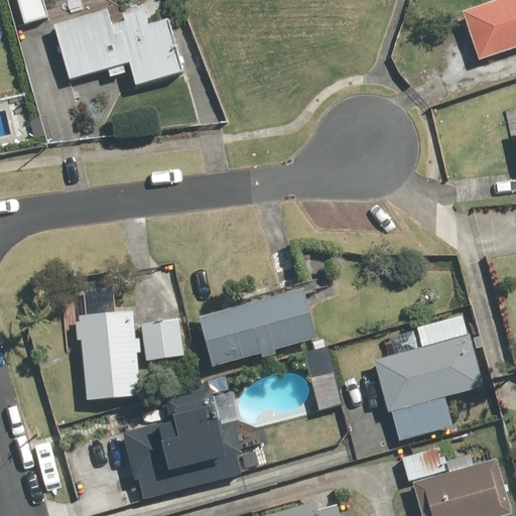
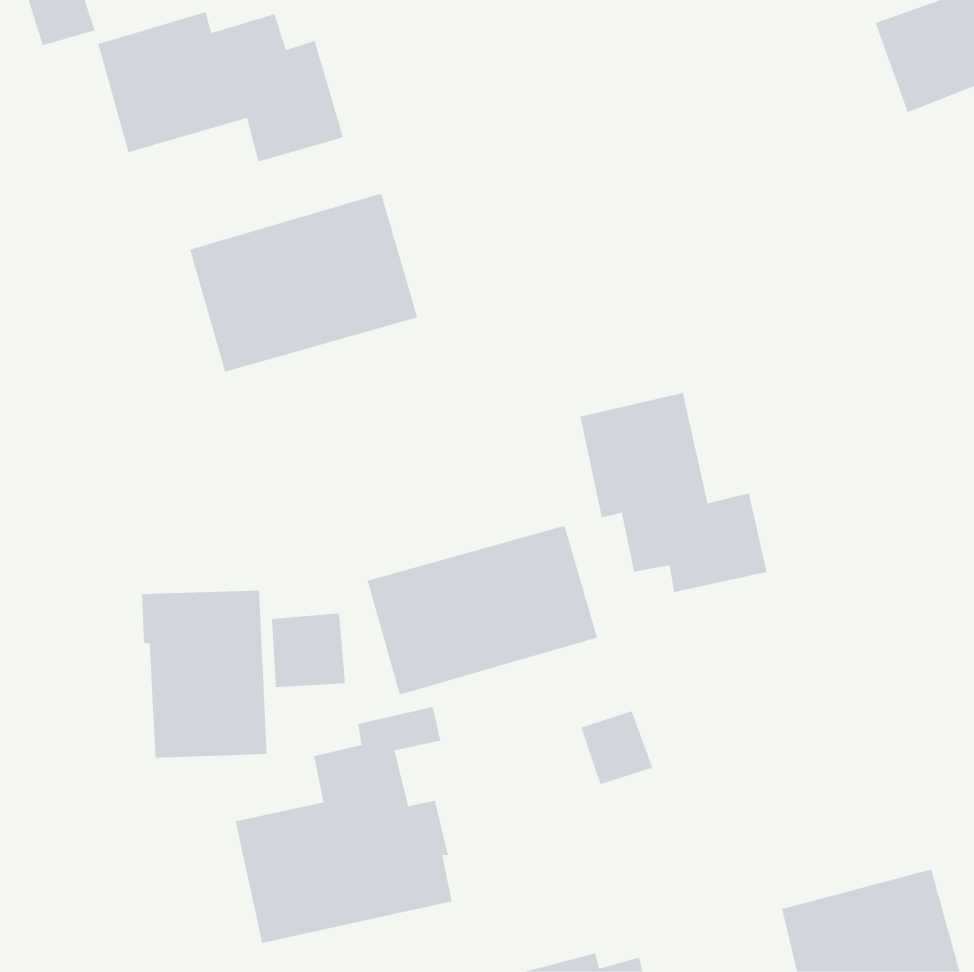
building: none -> [190,193,418,372]
building: none -> [580,392,767,593]
building: [376,336,484,438] -> none

